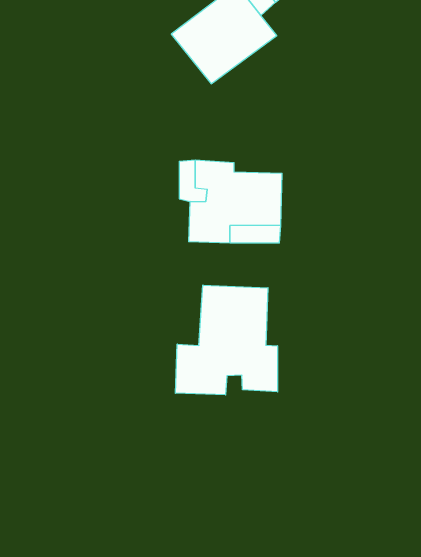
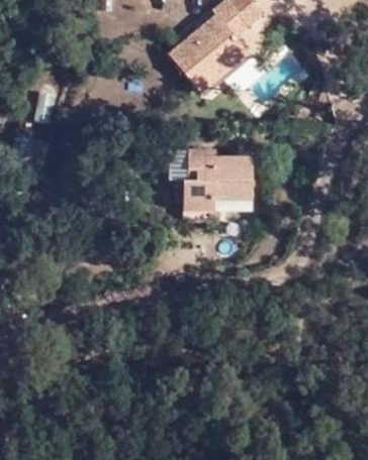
building: [175,285,278,395] -> none

